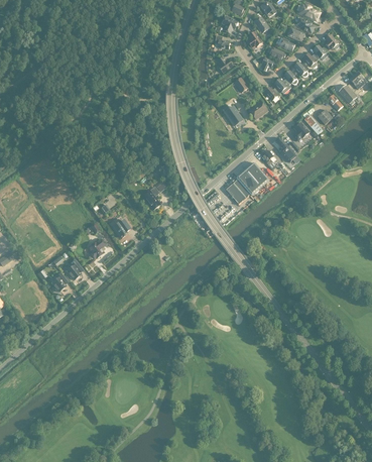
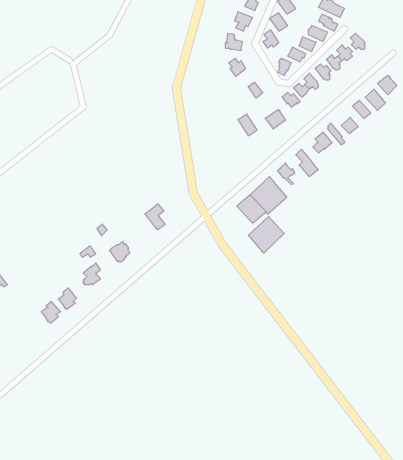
building: none -> [248,216,284,253]

